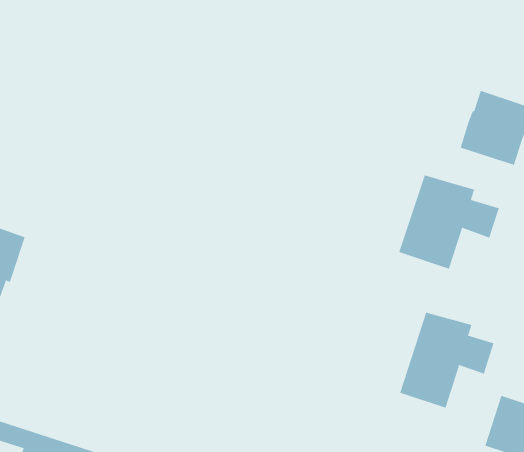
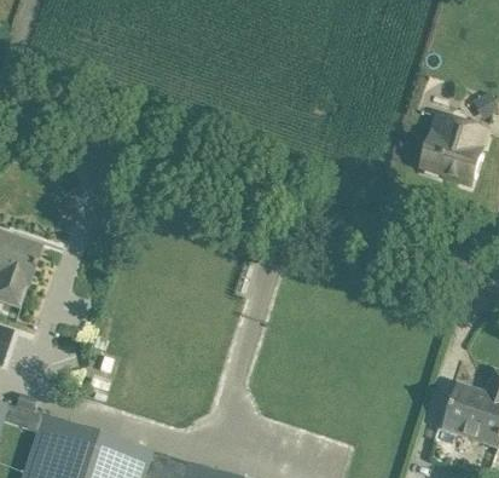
building: [398,174,499,269] -> none
building: [399,312,494,408] -> none

